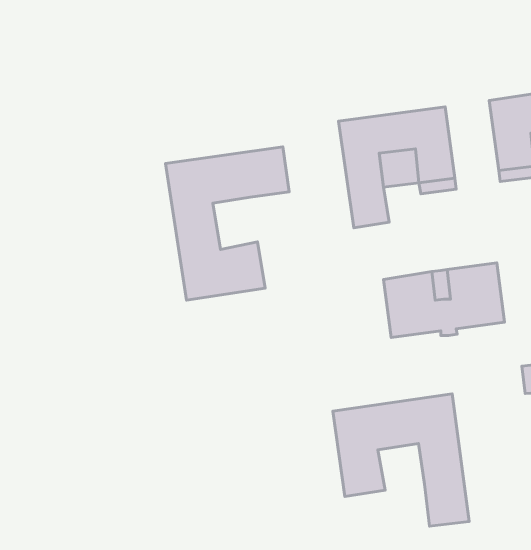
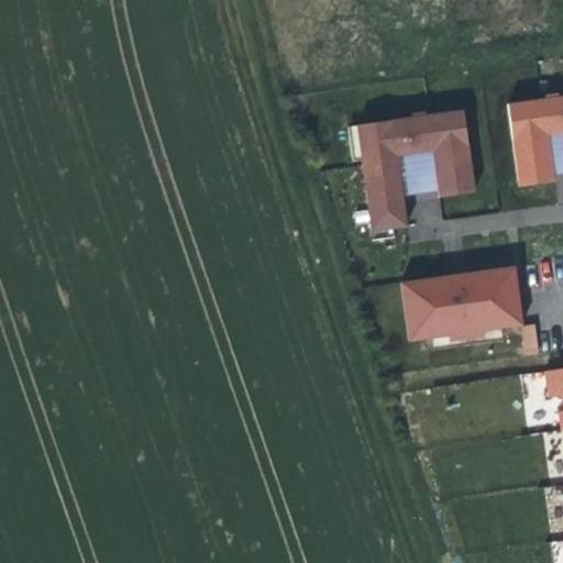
building: [166,147,289,300] -> none
building: [333,394,469,526] -> none

